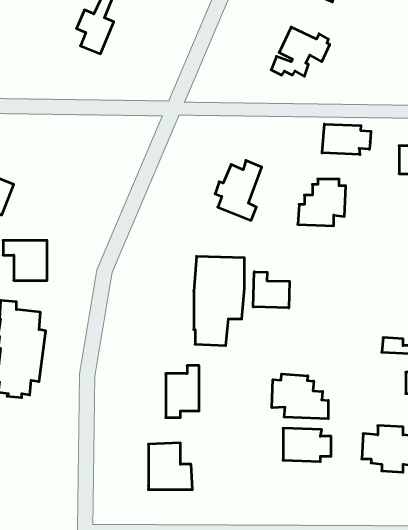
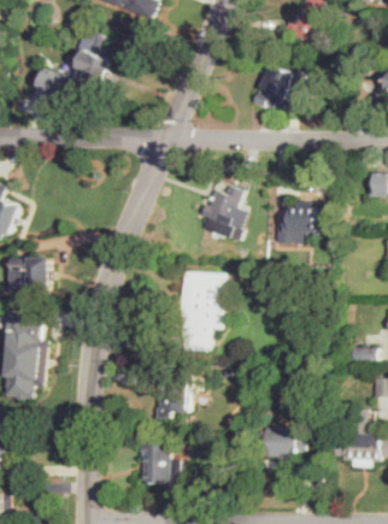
building: none -> [34,65,76,99]
building: [322,124,371,155] -> none
building: [253,272,289,308] -> none
building: [272,374,328,419] -> none

